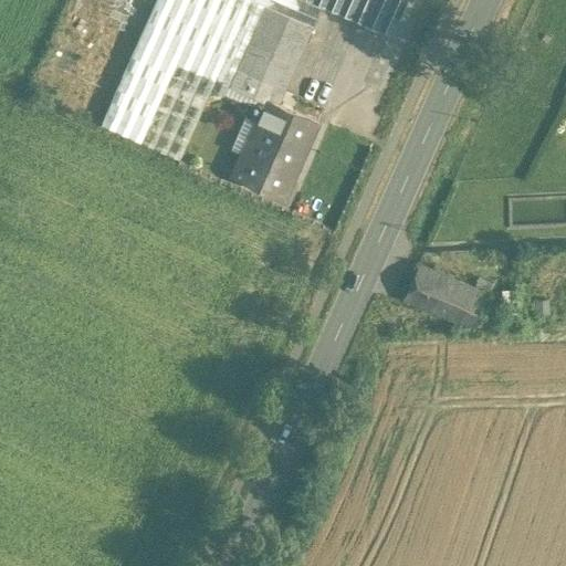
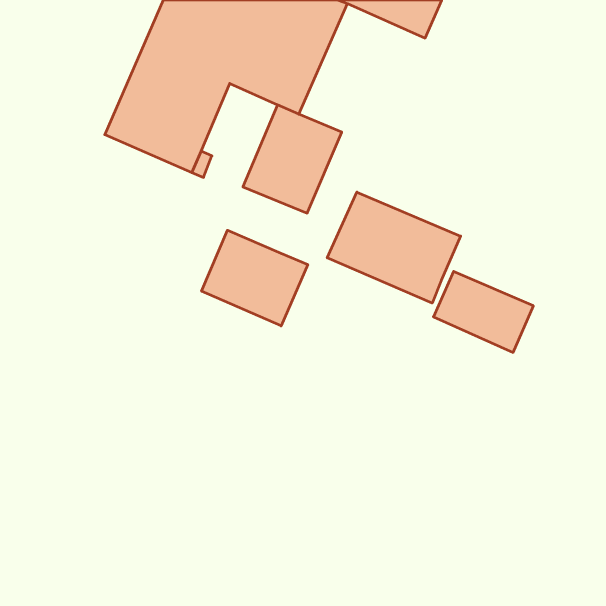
building: none -> [327,192,461,303]
building: none -> [202,230,308,326]

